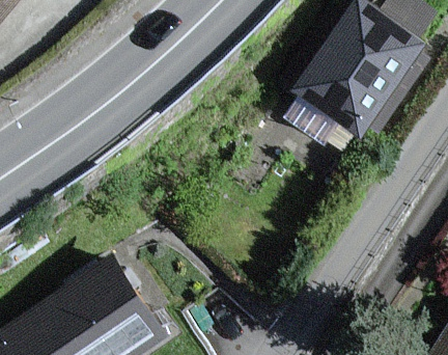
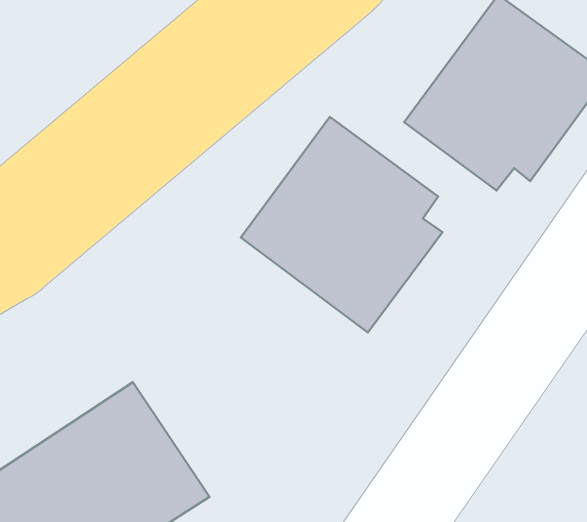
building: none -> [241,117,443,333]

